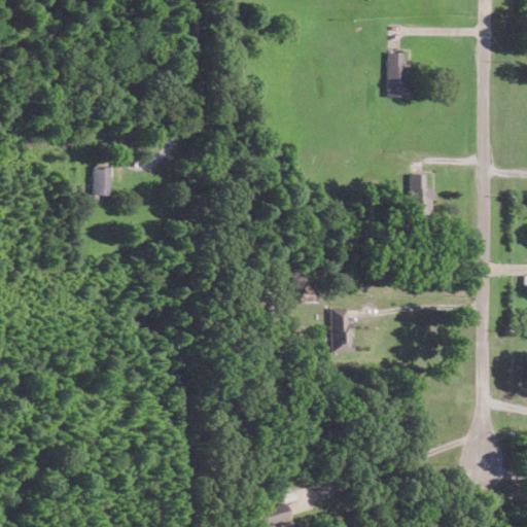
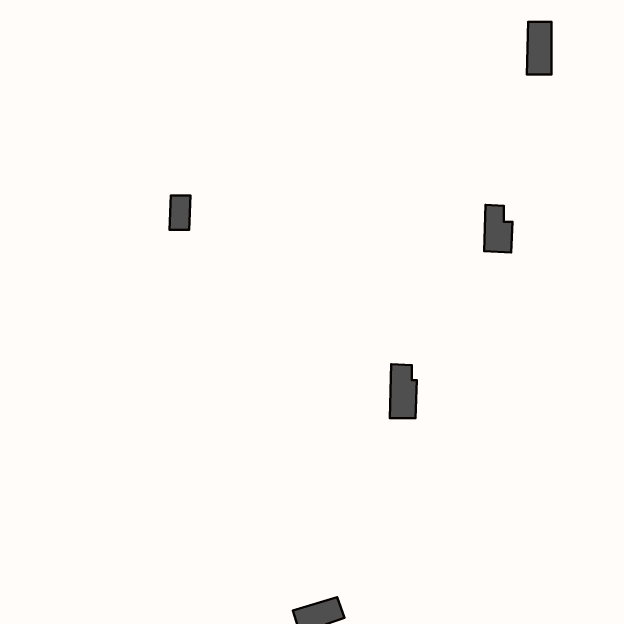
building: [386,52,407,97] -> [527,22,551,75]
building: [93,167,110,196] -> [170,195,190,230]

